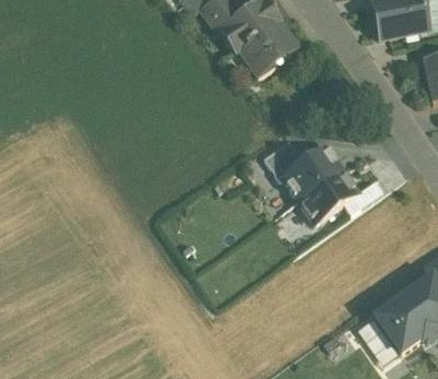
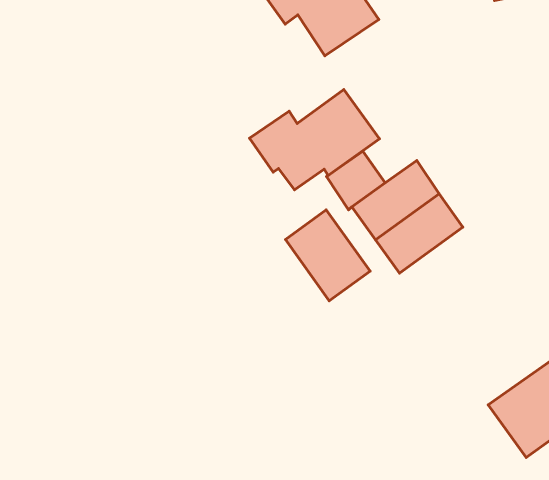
building: none -> [249,89,380,190]
building: none -> [285,210,370,301]

